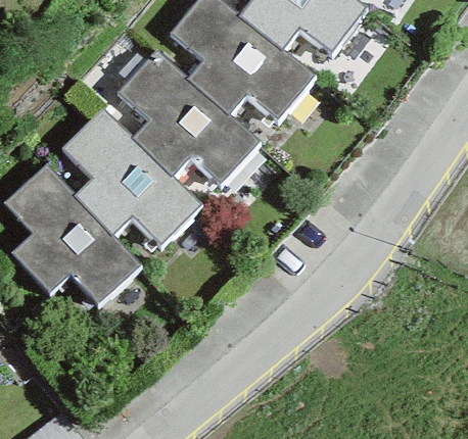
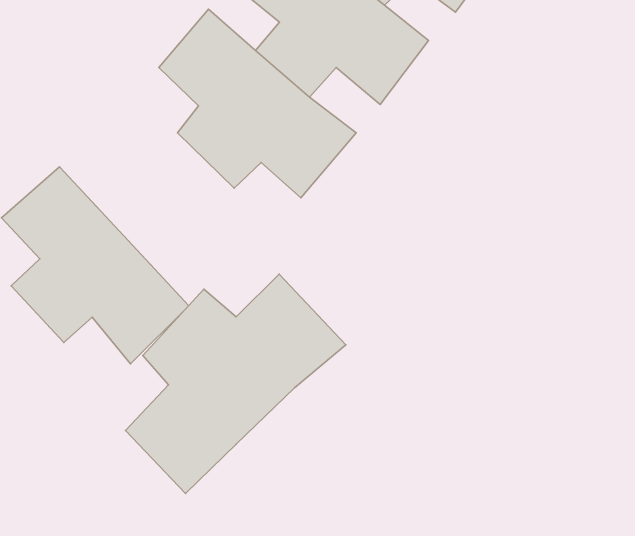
building: [62,111,199,245] -> none
building: none -> [126,274,346,494]

